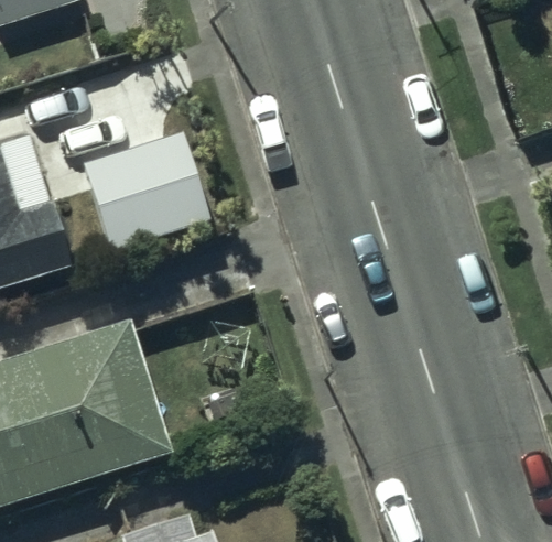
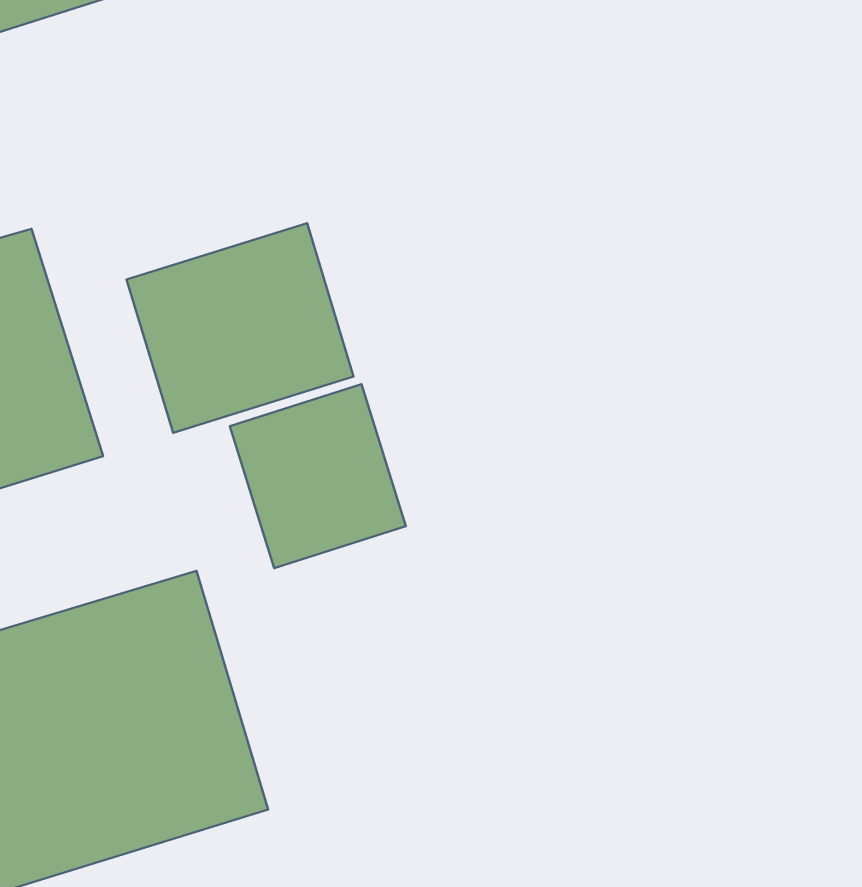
building: none -> [230,384,406,568]

